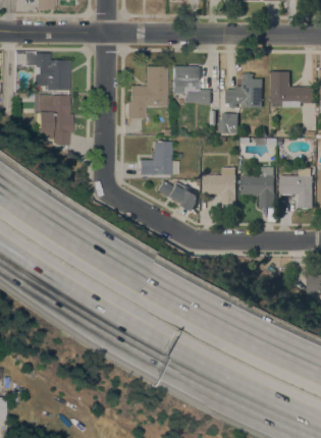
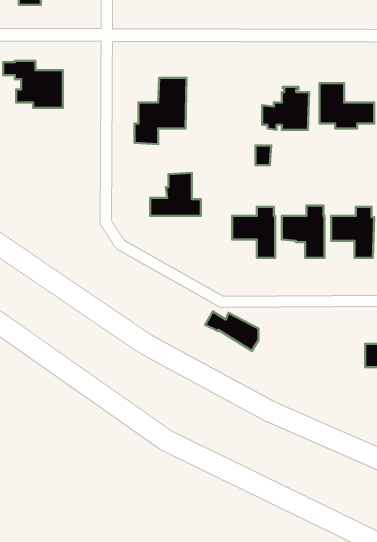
building: [172,66,211,104] -> none
building: [38,95,72,145] -> none
building: [156,180,198,211] -> [205,312,258,351]

